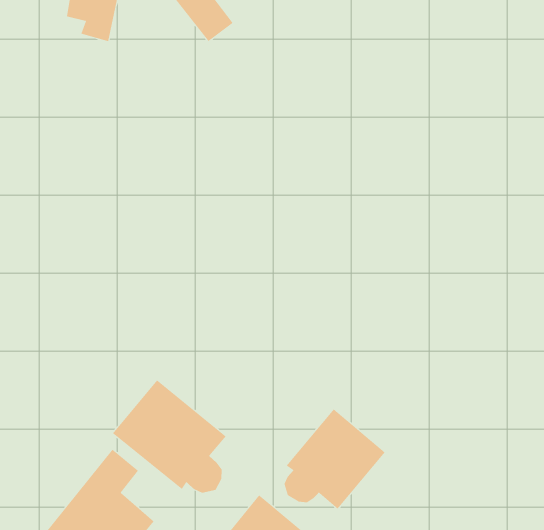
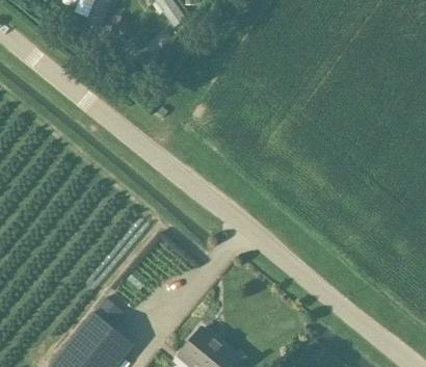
building: [112,380,227,493] -> none
building: [284,408,385,510] -> none

